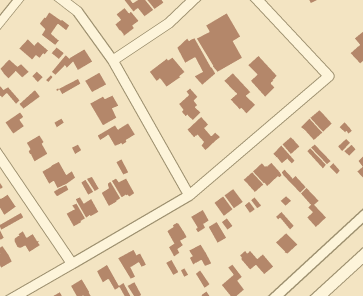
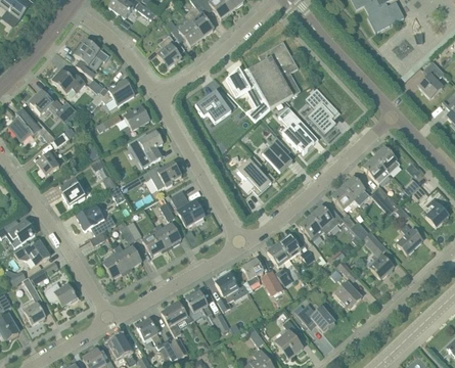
building: [178,88,201,121] -> [263,135,288,172]
building: none -> [170,189,203,226]
building: none -> [396,223,421,254]
building: [188,244,212,267] -> [185,290,212,316]

